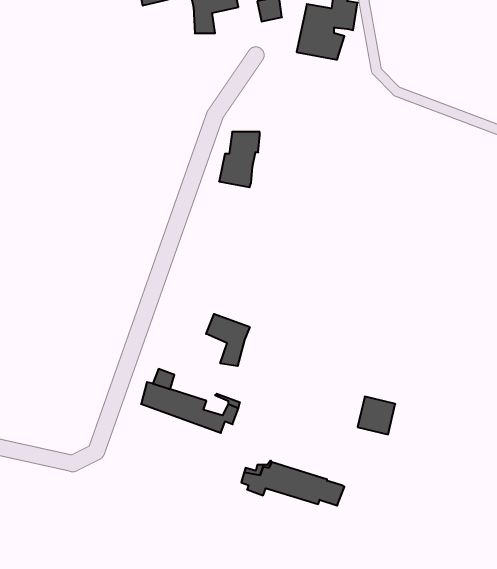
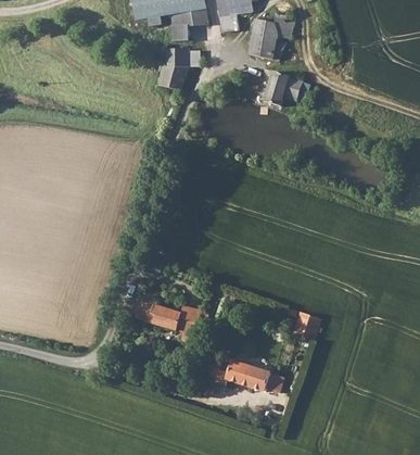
building: none -> [266,69,309,105]
building: [219,132,260,187] -> [160,48,190,89]
building: [206,314,250,366] -> none

